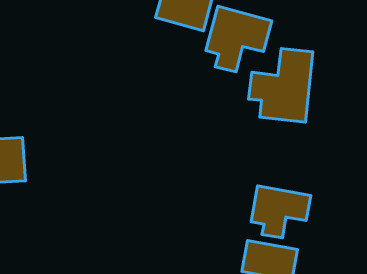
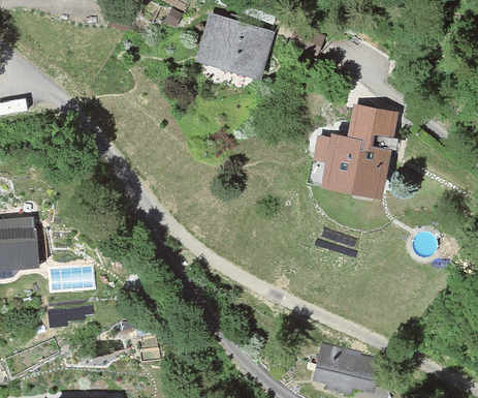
building: [206,6,272,72] -> none
building: [251,186,311,238] -> none

